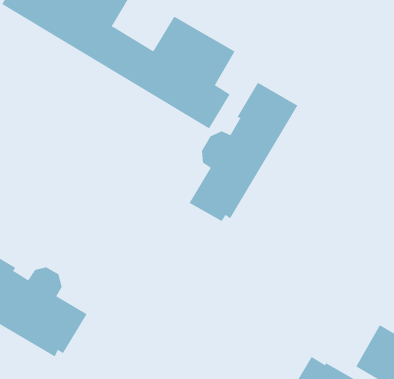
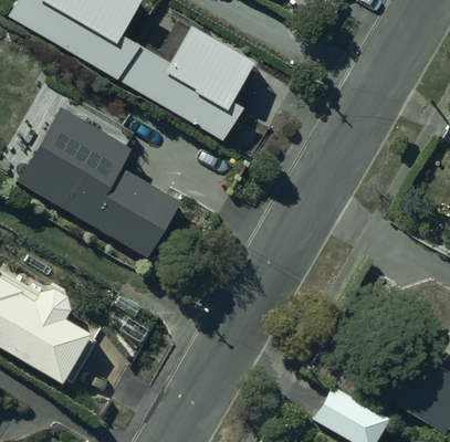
building: [189,82,298,222] -> none
building: none -> [17,107,180,256]

